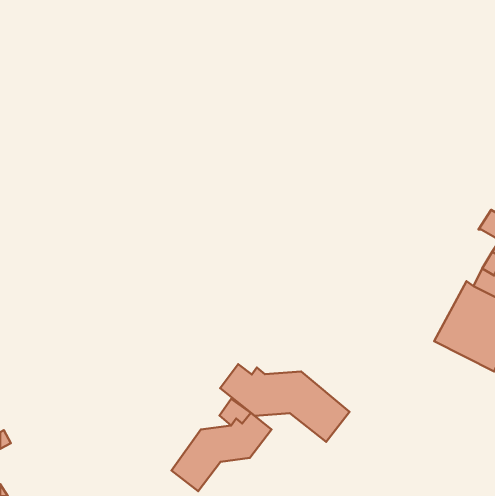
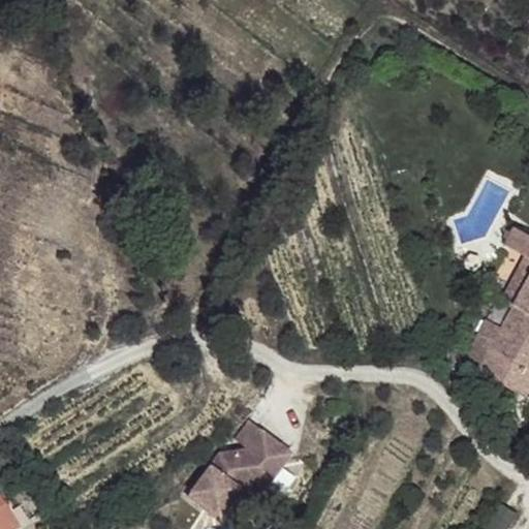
building: [220,364,349,442] -> none

